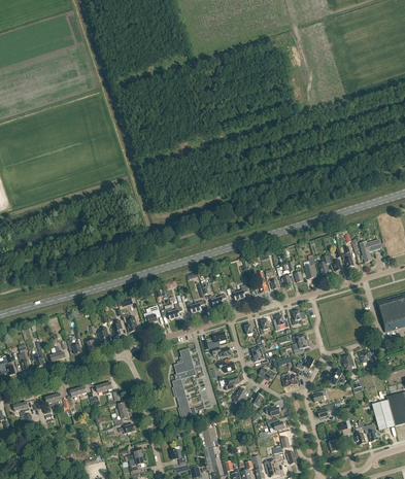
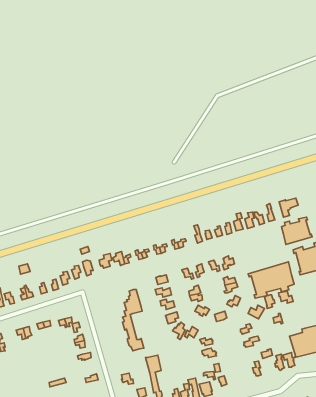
building: none -> [281,217,312,244]
building: none -> [248,262,294,298]

